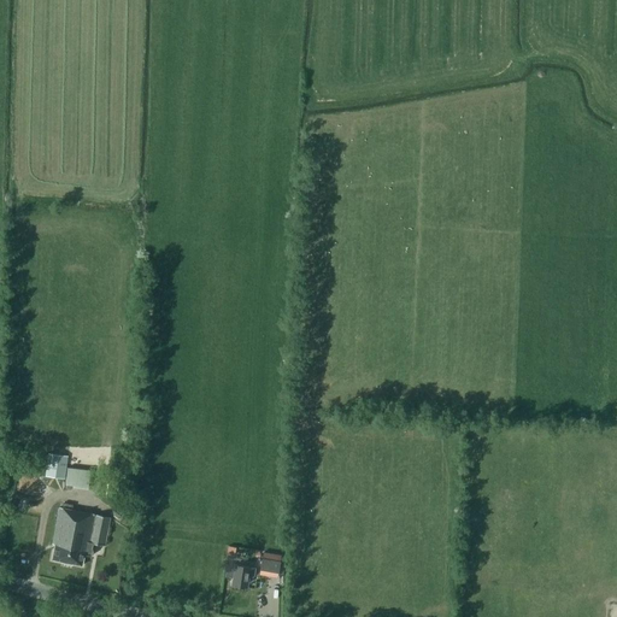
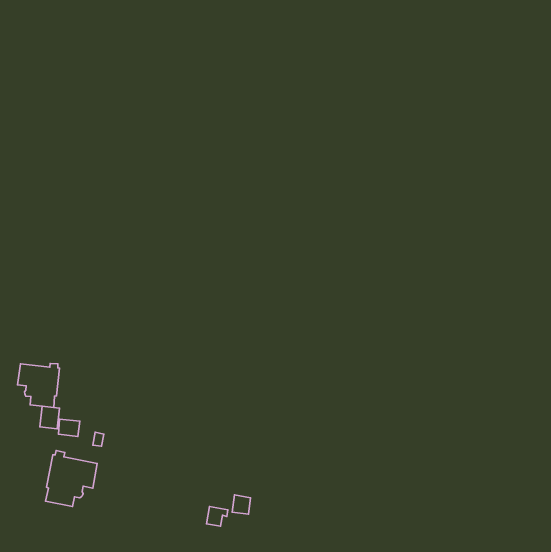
building: none -> [18,364,60,407]

